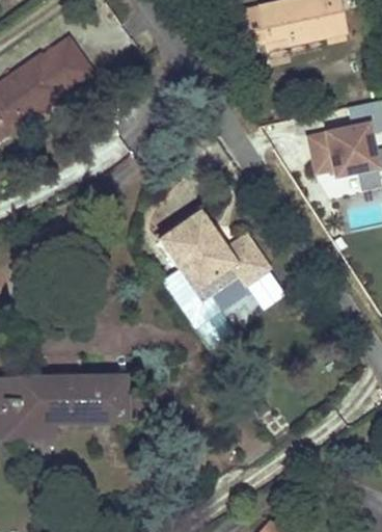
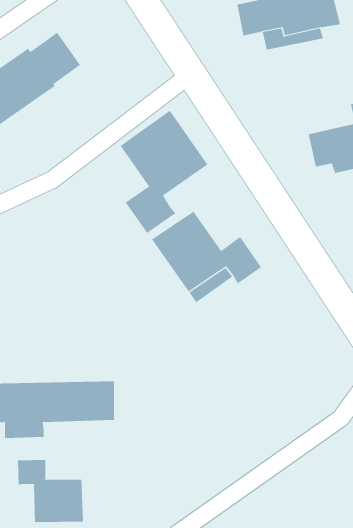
building: none -> [120,110,208,234]
building: none -> [18,459,83,523]

